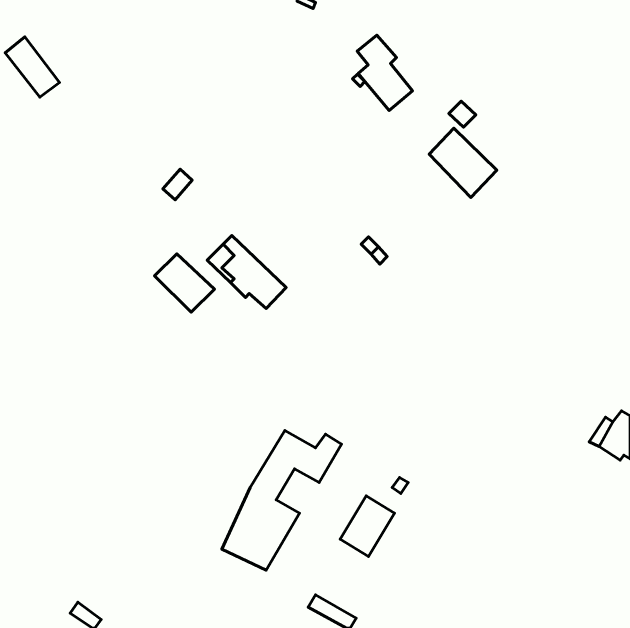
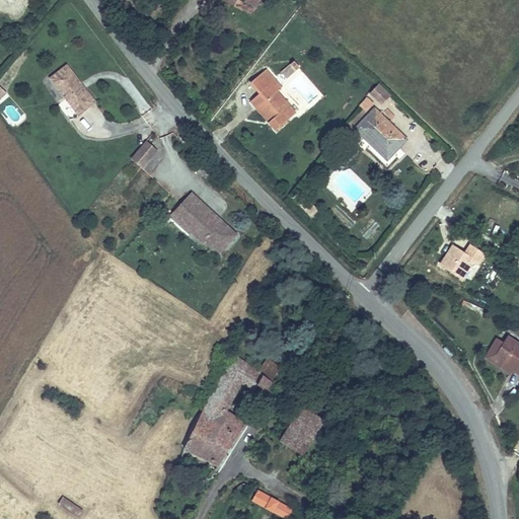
building: [357,35,413,110] -> [250,68,296,130]
building: [5,37,59,97] -> [52,63,96,113]
building: [155,254,215,312] -> none
building: none -> [438,243,487,282]

